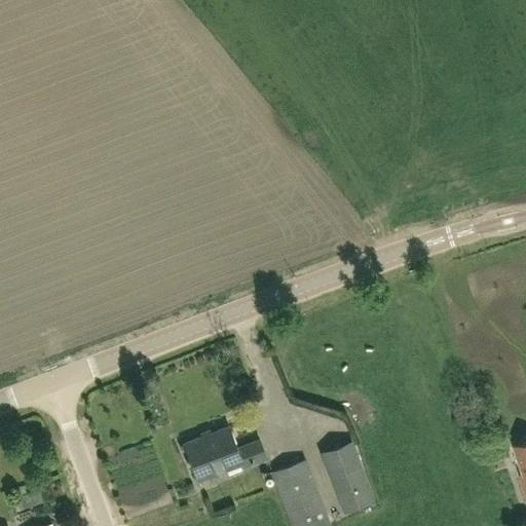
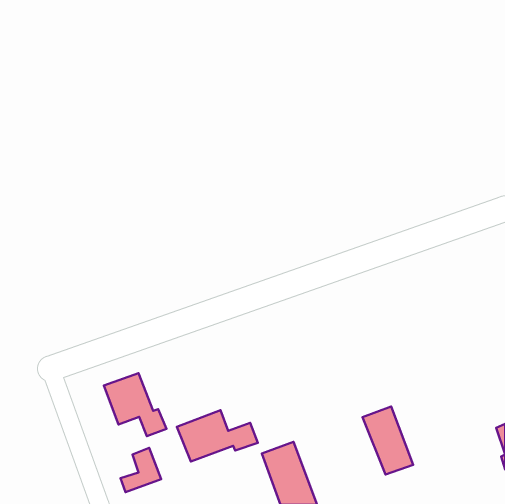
building: none -> [104,373,166,436]
building: [322,442,374,513] -> [363,406,413,475]

